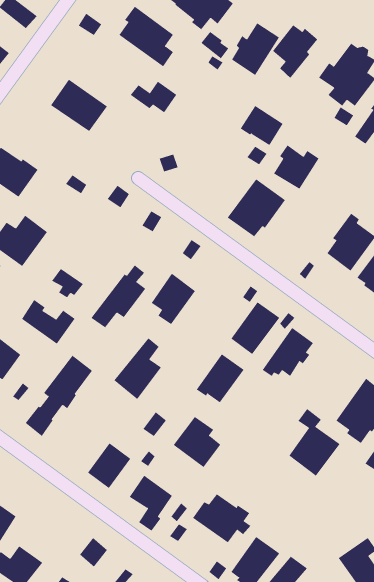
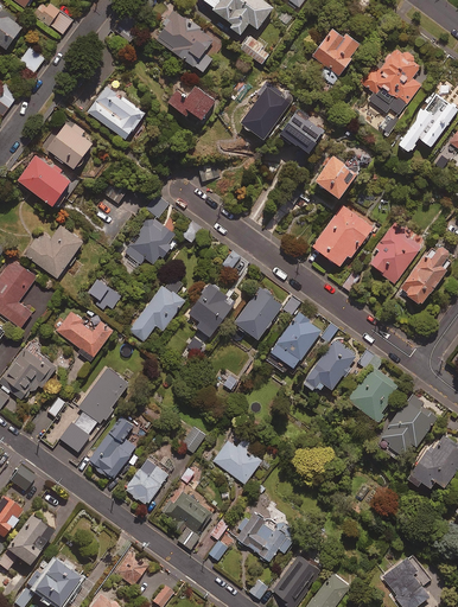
building: [231,23,280,76] -> [240,85,290,140]
building: none -> [46,119,93,170]
building: [227,178,286,237] -> [311,205,371,266]
building: none -> [122,213,179,270]
building: [113,338,162,400] -> [87,416,136,480]
building: [196,354,245,403] -> [233,288,282,339]
building: [288,408,340,476] -> [348,350,401,420]

